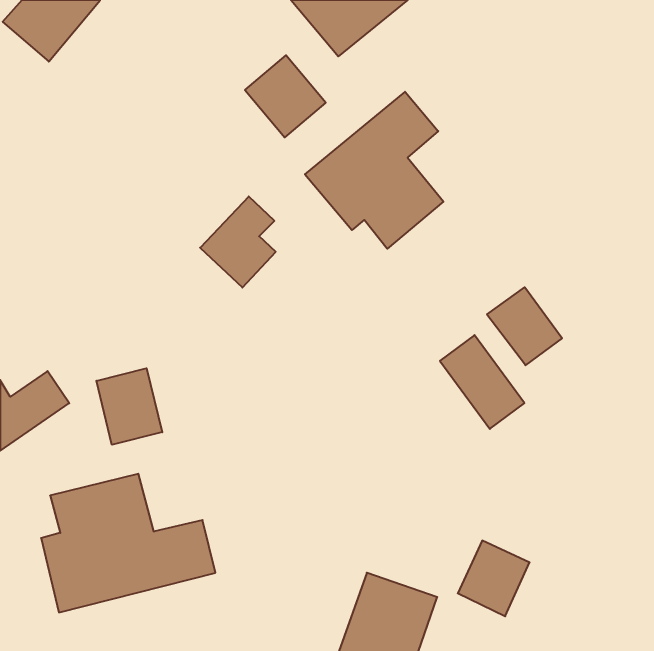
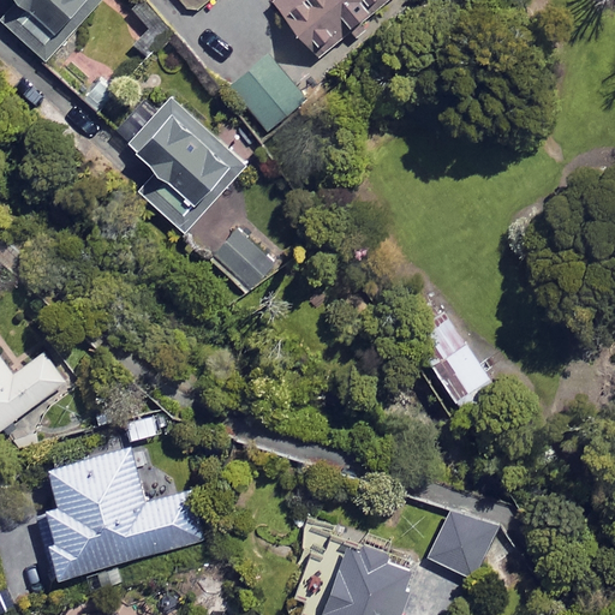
building: [305,92,443,249] -> none
building: none -> [127,100,231,202]
building: [487,287,562,365] -> none
building: [96,368,162,445] -> none

